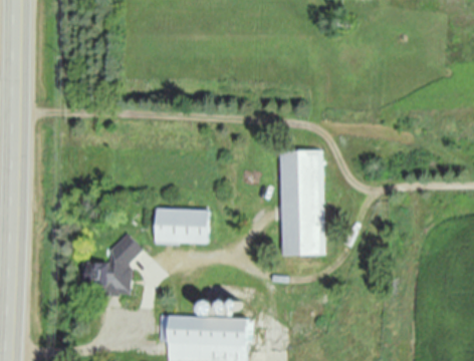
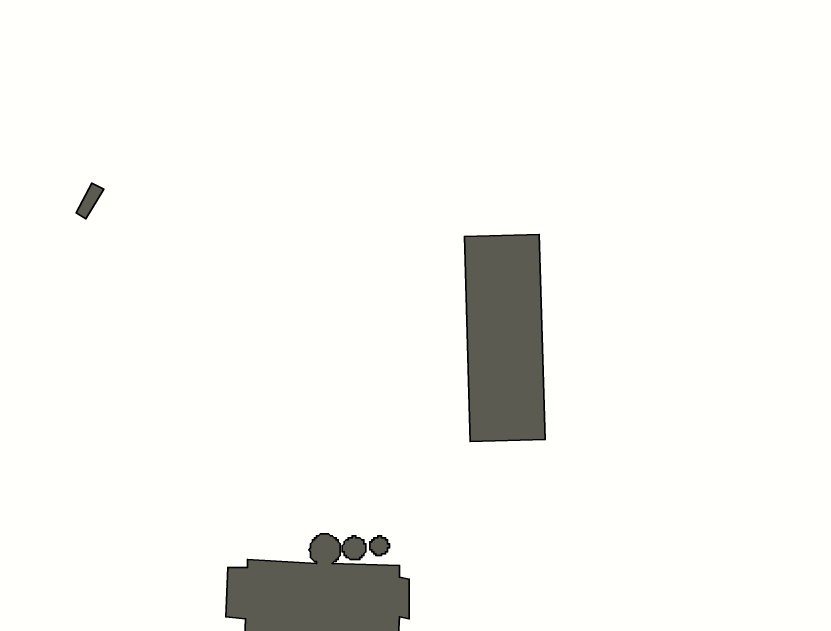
building: [156,207,208,245] -> none
building: [81,234,143,296] -> none

